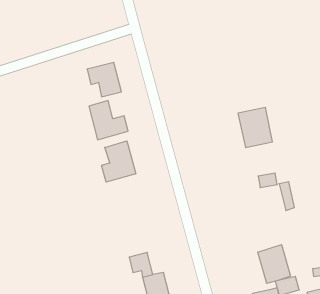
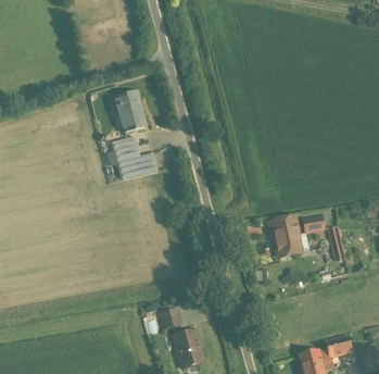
building: [238,108,272,148] -> [268,213,307,259]
building: [102,141,136,182] -> none
building: [258,245,290,283] -> none

